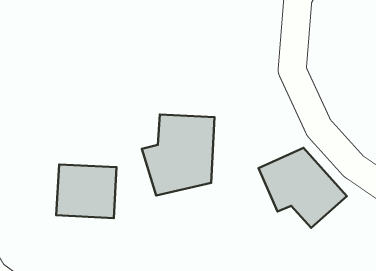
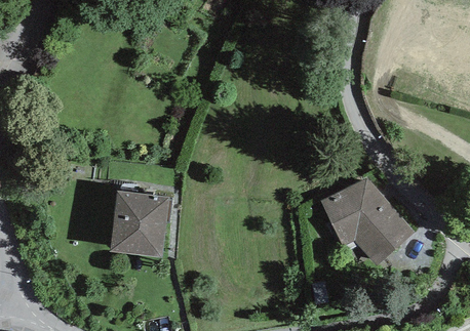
building: [142,115,215,195] -> none

